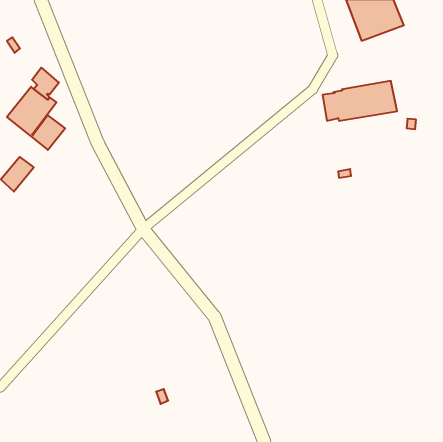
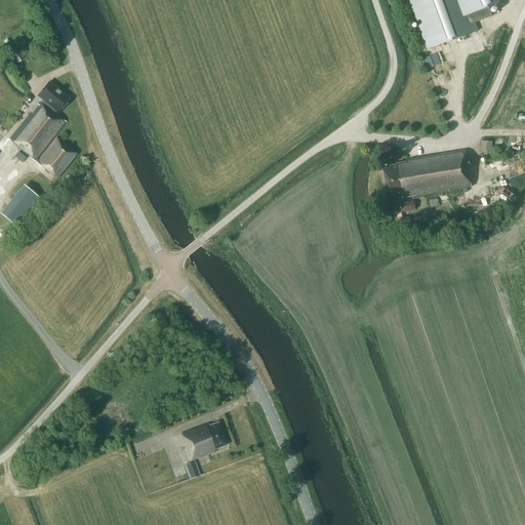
building: [323,81,397,121] -> [383,150,472,197]
building: none -> [181,422,226,459]

